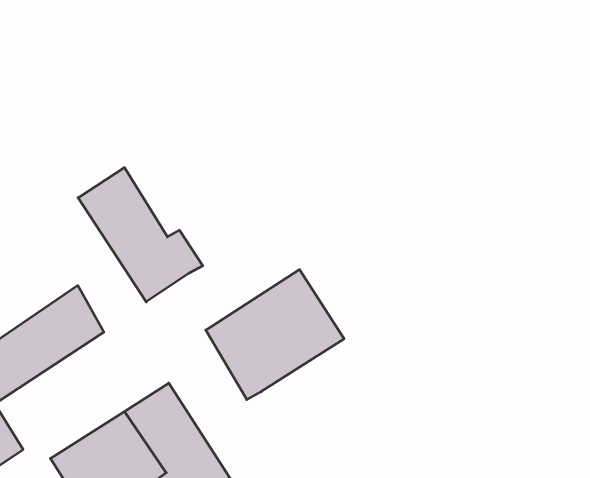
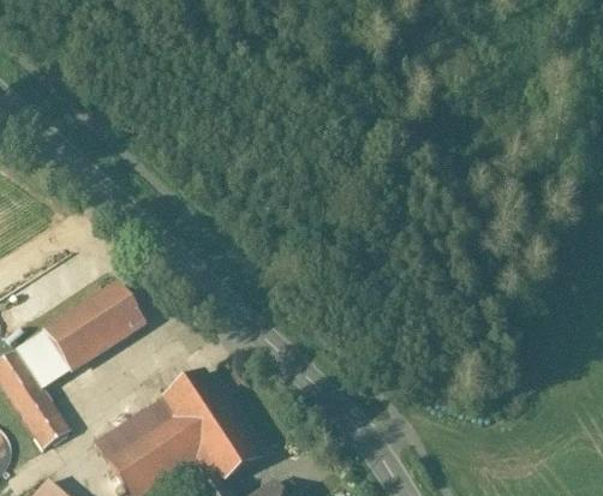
building: [78,168,203,302] -> none
building: [206,270,344,400] -> none

